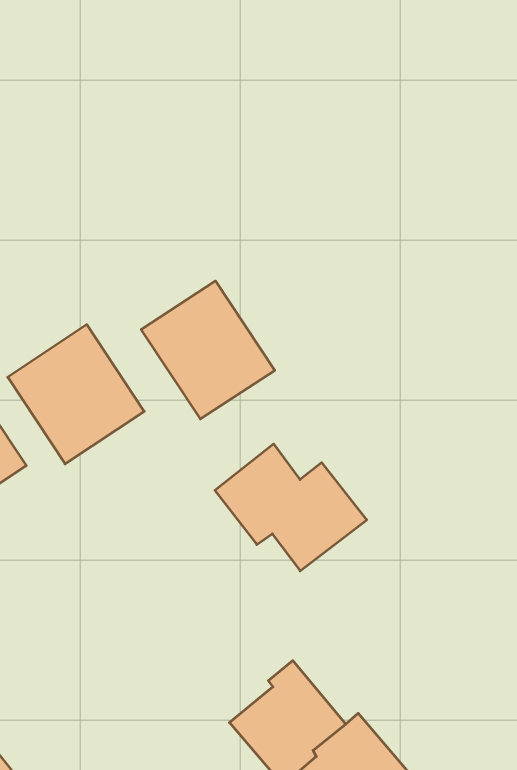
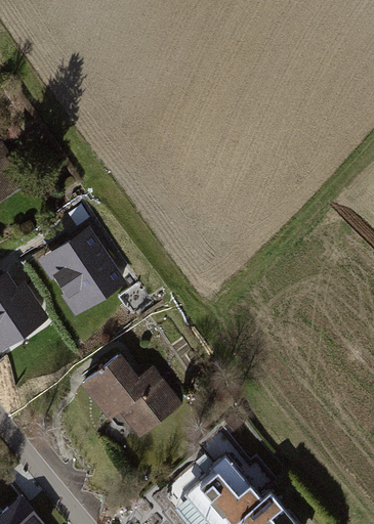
building: [141,281,275,419] -> none
building: [215,444,367,571] -> [81,354,181,438]

